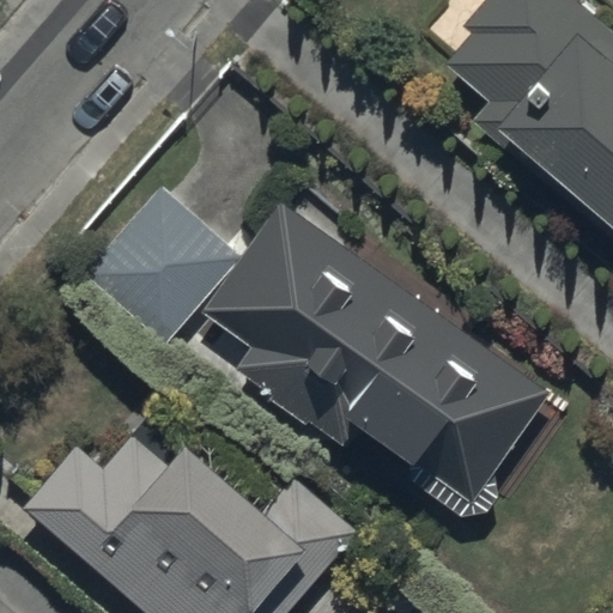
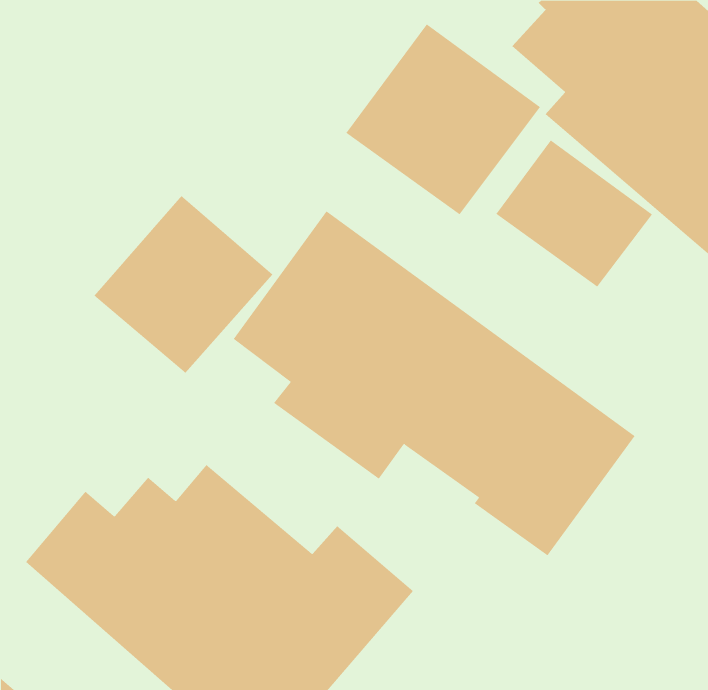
building: none -> [346,23,541,215]
building: none -> [496,140,653,287]

